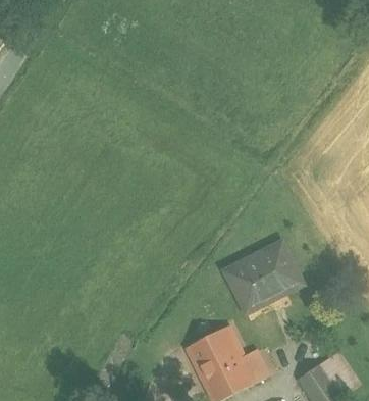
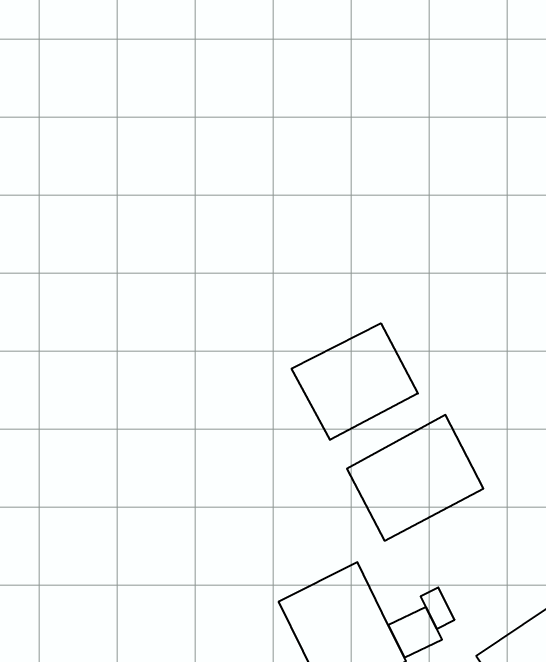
building: none -> [292,323,418,440]

